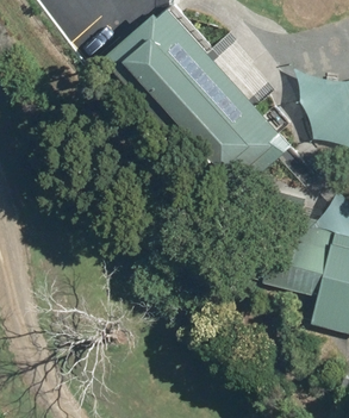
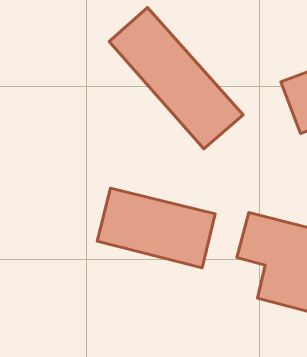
building: none -> [97,188,215,268]

